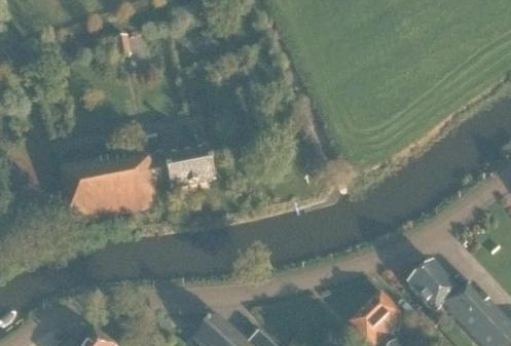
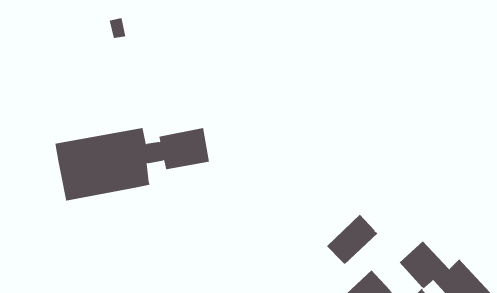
building: none -> [326,214,378,265]

